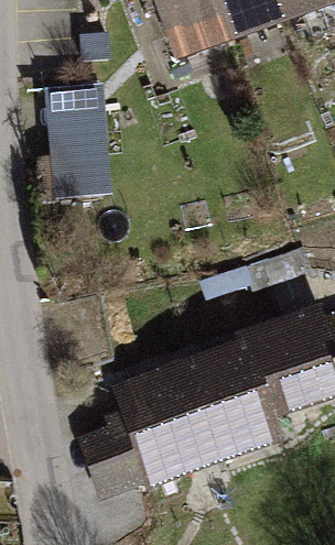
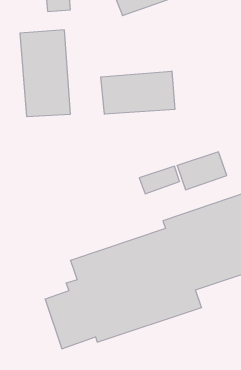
building: none -> [101,71,175,114]

